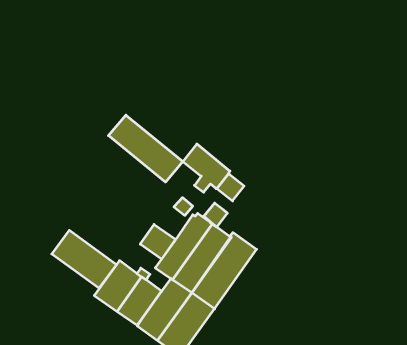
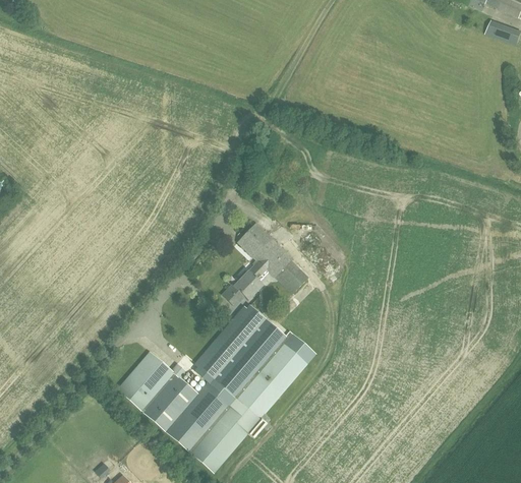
building: [108,115,183,182] -> none
building: [204,203,227,227] -> [233,270,262,299]
building: [140,224,175,259] -> none
building: [52,230,117,288] -> none

